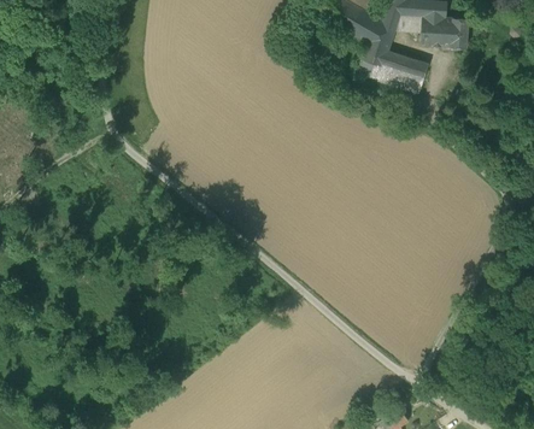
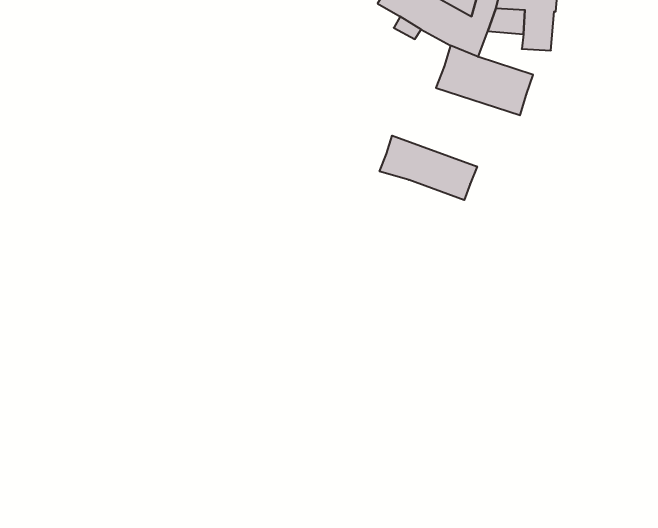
building: [442,16,469,47] -> none
building: none -> [380,136,477,200]

